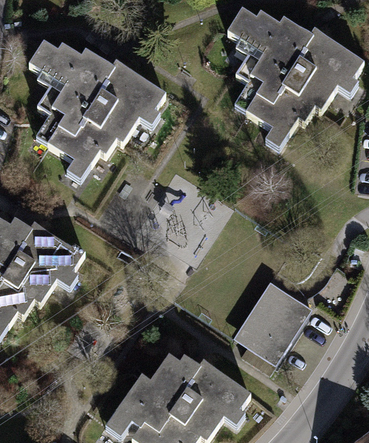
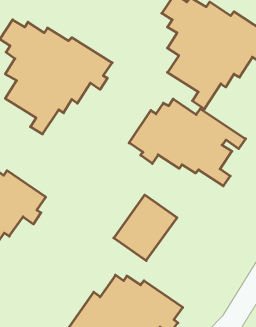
building: none -> [129,99,246,186]
building: [231,282,309,363] -> [114,195,177,261]

